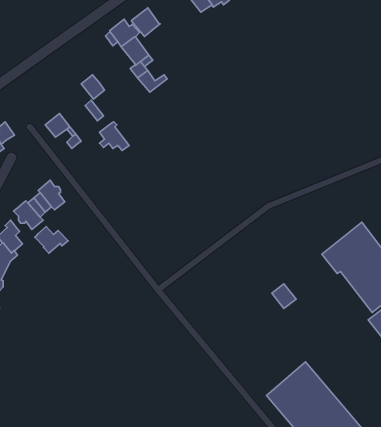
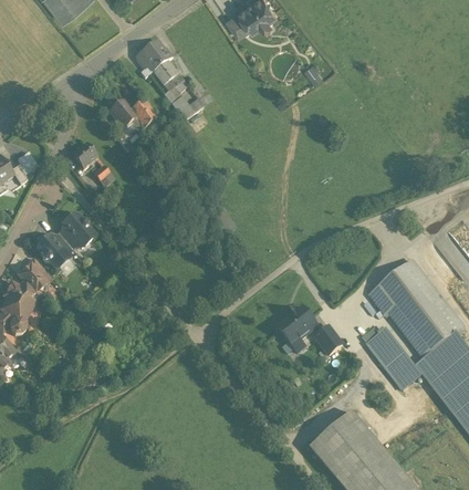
building: [131,8,160,36] -> none
building: [100,122,129,150] -> [129,100,161,131]
building: [35,226,68,253] -> none
building: none -> [278,307,317,345]
building: none -> [364,327,420,389]

